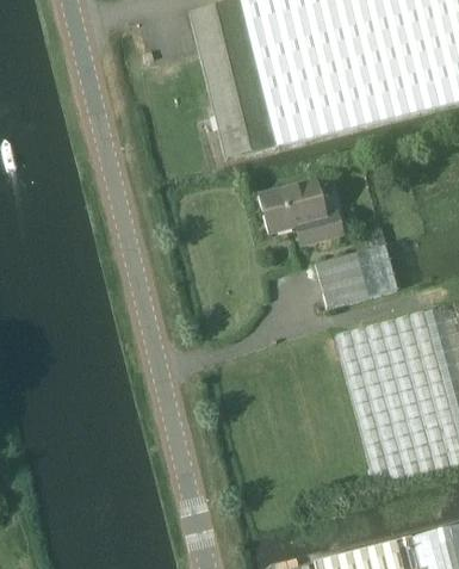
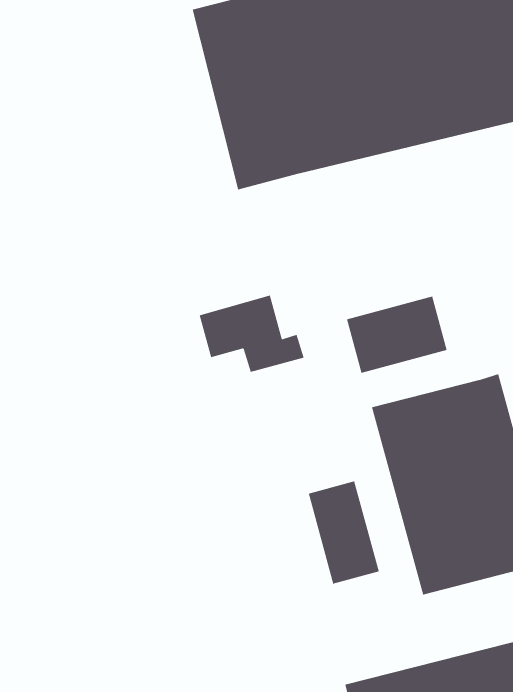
building: [260,180,346,243] -> [199,295,304,372]
building: none -> [308,480,379,584]

